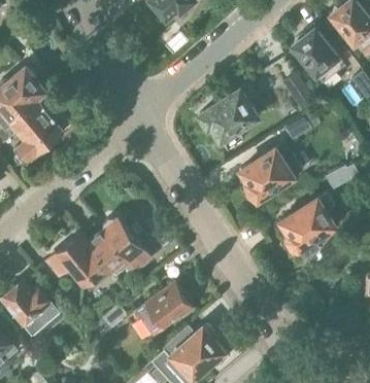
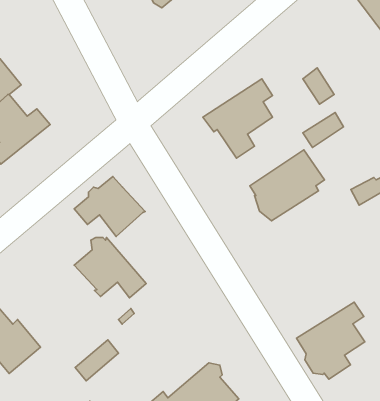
building: [293,27,344,81] -> none
building: [277,190,336,256] -> [296,302,365,379]
building: [47,233,108,284] -> [74,176,145,237]
building: [138,278,198,330] -> none

